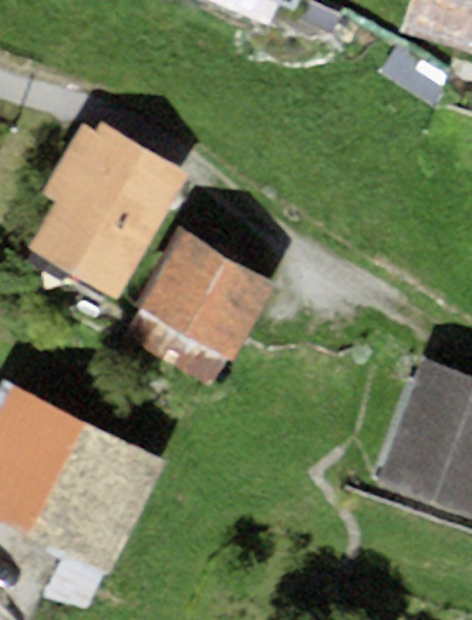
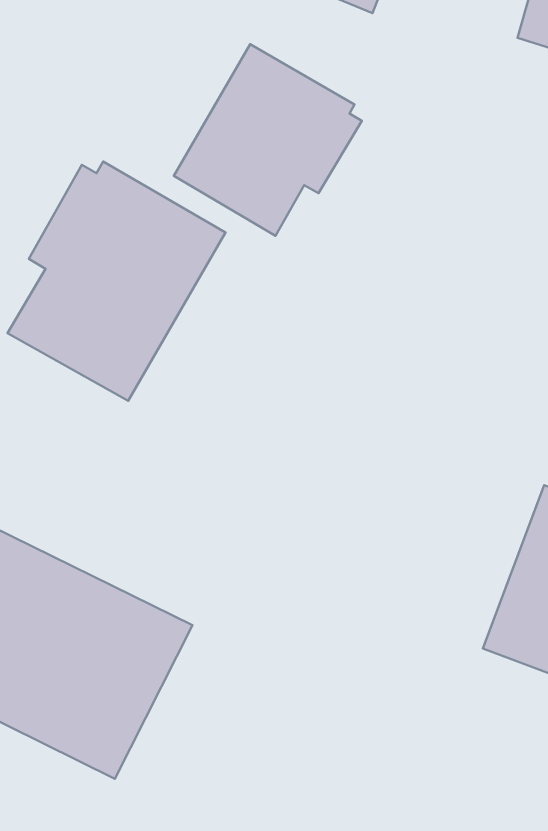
building: none -> [174,44,362,236]
building: [129,229,276,380] -> none

